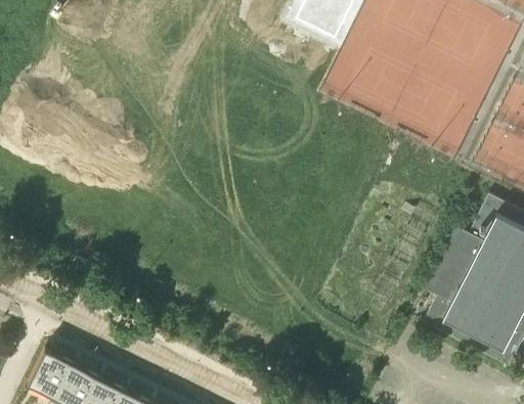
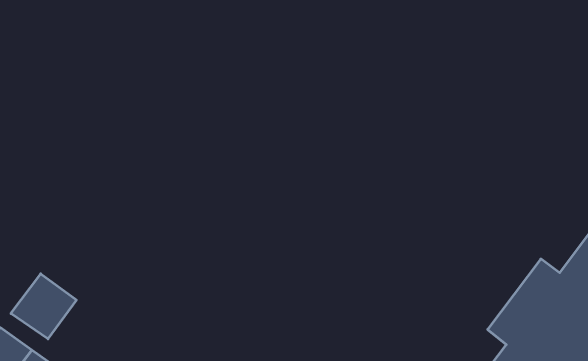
building: none -> [11,274,76,339]

